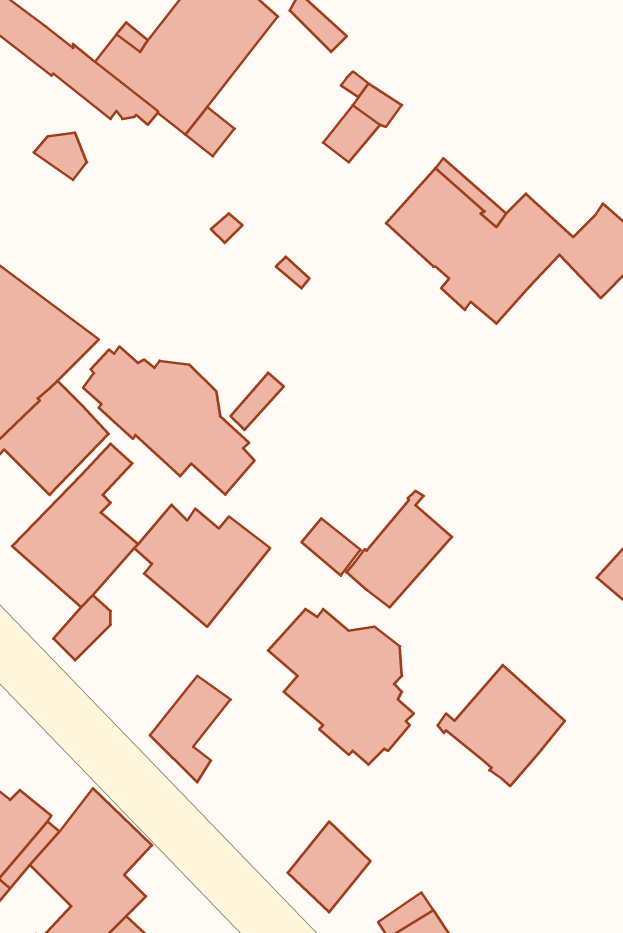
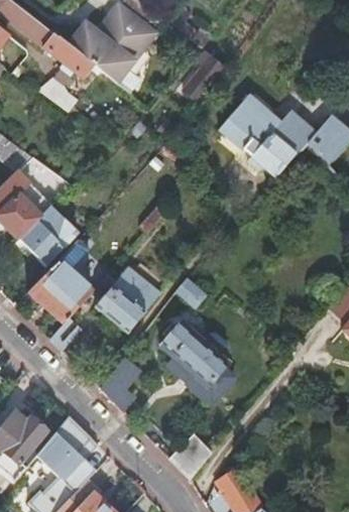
building: [83,347,254,495] -> none
building: [346,491,452,607] -> none
building: [438,665,565,786] -> none

